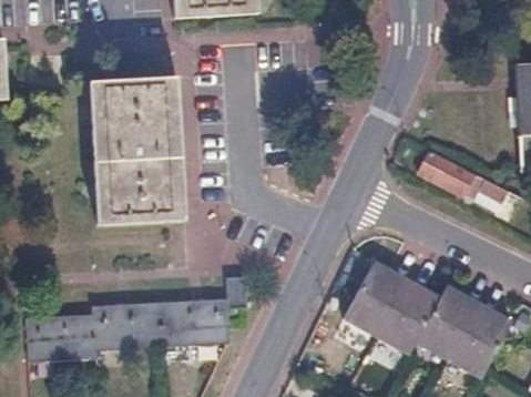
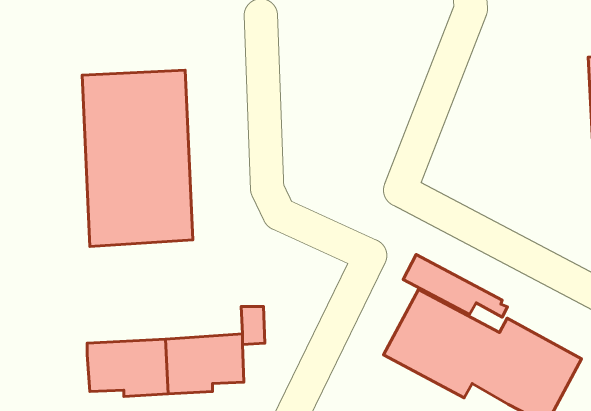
building: [420,147,509,201] -> [403,255,507,317]
building: [27,317,94,359] -> none

